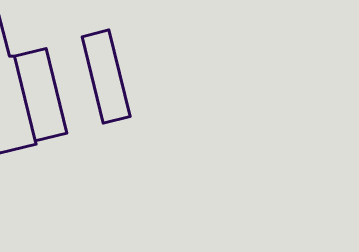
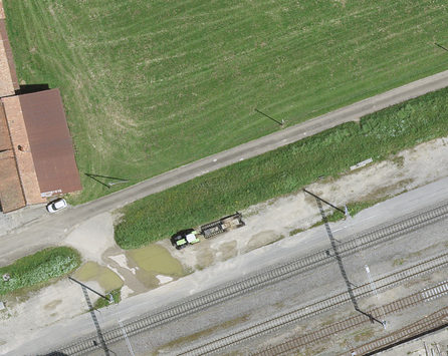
building: [82,30,130,123] -> none

